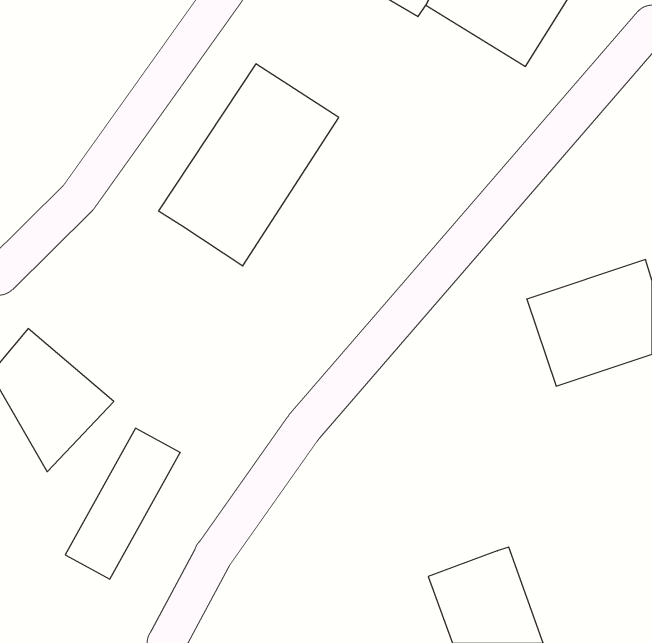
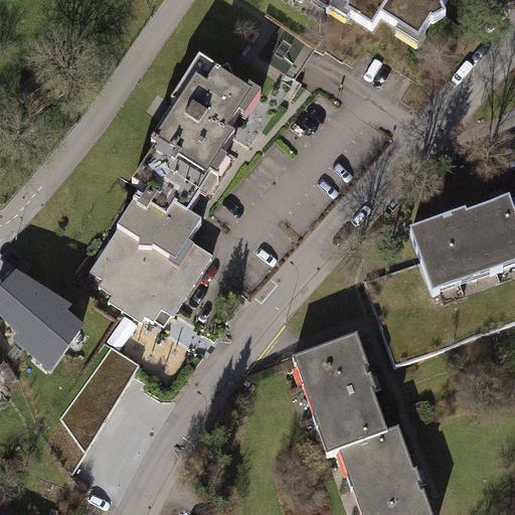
building: none -> [78,178,216,331]
building: none -> [293,338,391,457]

